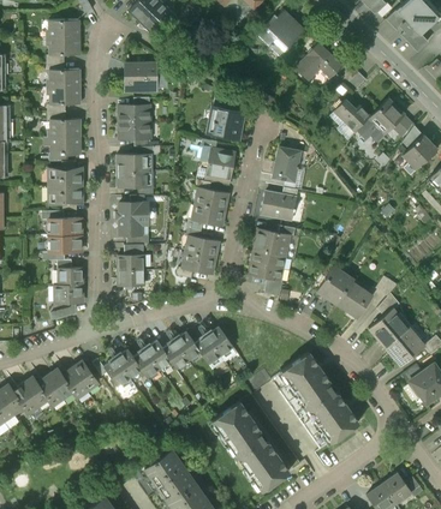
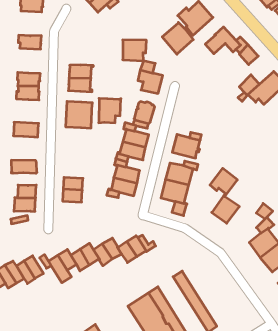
building: [48,37,78,55] -> none
building: none -> [162,22,193,54]
building: [124,62,155,90] -> [123,40,146,61]
building: [49,86,79,104] -> none
building: [272,146,299,181] -> none
building: [48,168,81,185] -> none
building: [118,202,147,235] -> [99,98,121,123]
building: [47,217,81,235] -> none
building: [336,281,373,318] -> [210,168,237,197]
building: [281,352,357,441] -> none

